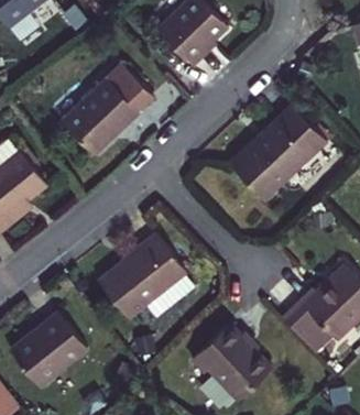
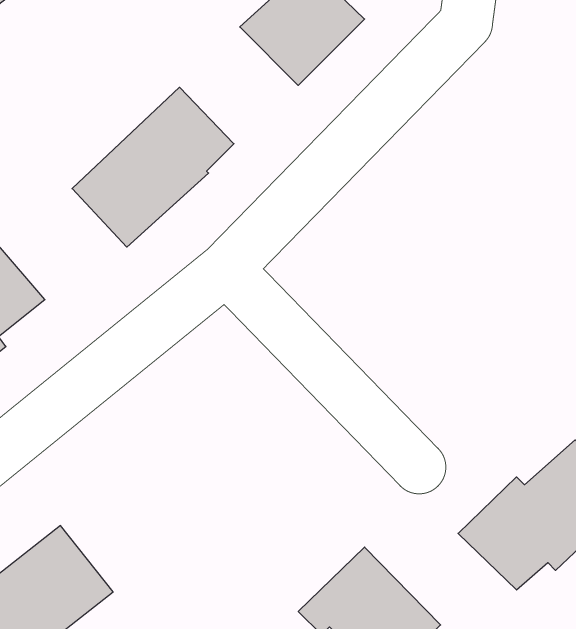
building: [233,106,325,198] -> none
building: [97,236,195,319] -> none

